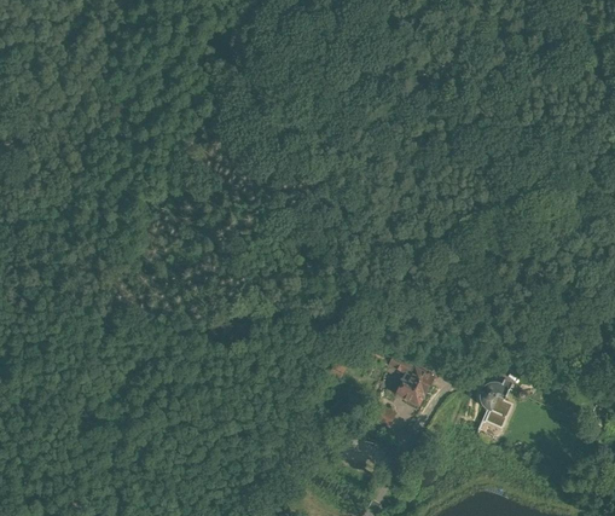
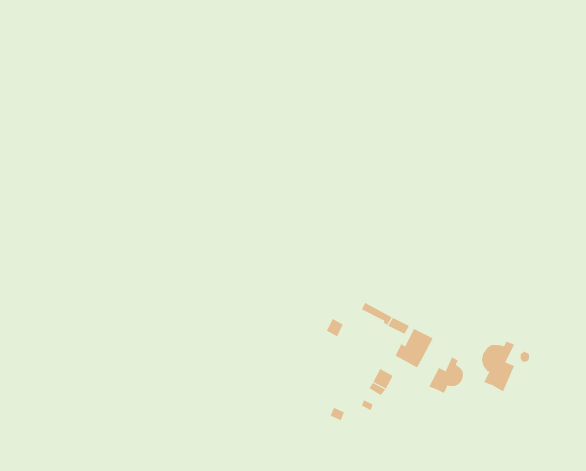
building: none -> [428,357,463,394]

